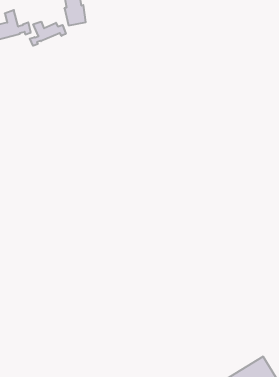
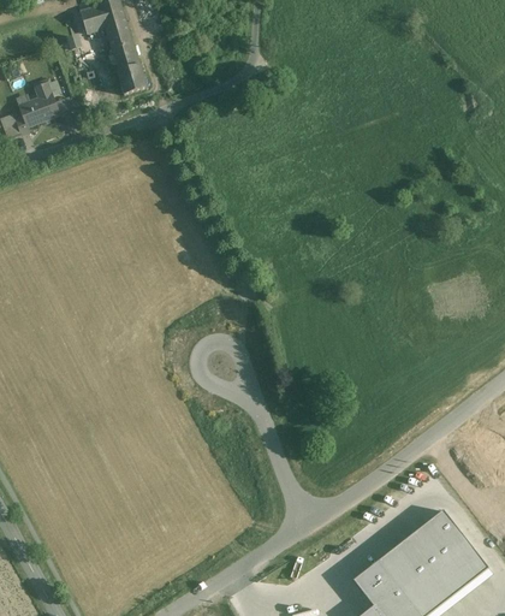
building: [30,22,66,46] -> none

